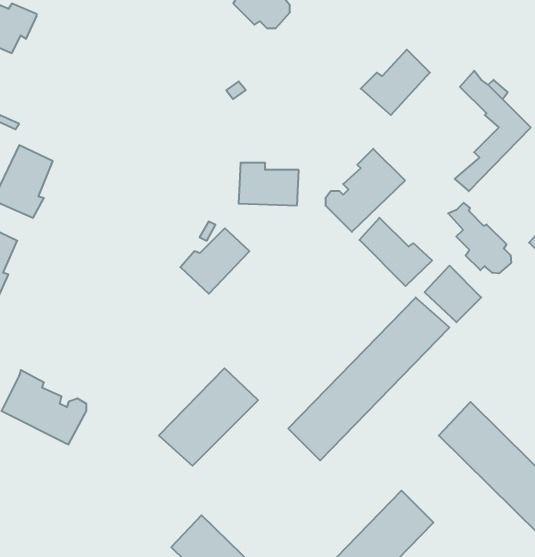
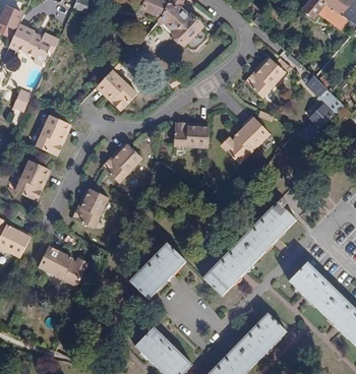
building: none -> [98,67,139,110]
building: [448,203,511,273] -> none
building: [359,218,432,286] -> none
building: [180,228,249,294] -> [102,145,141,183]
building: none -> [72,189,108,229]

